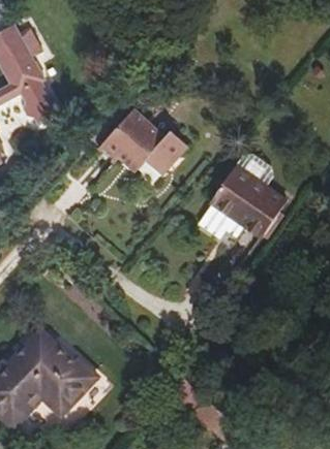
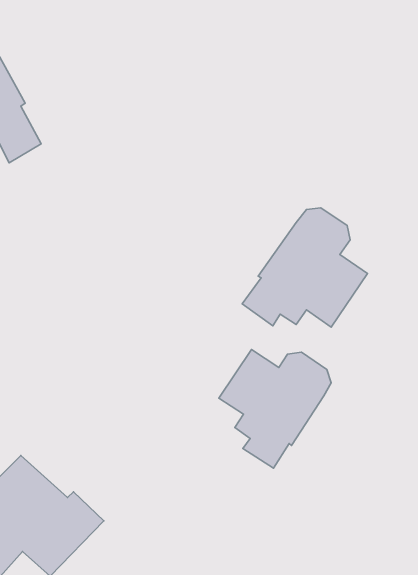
building: [97,108,189,175] -> none
building: none -> [219,349,331,468]

